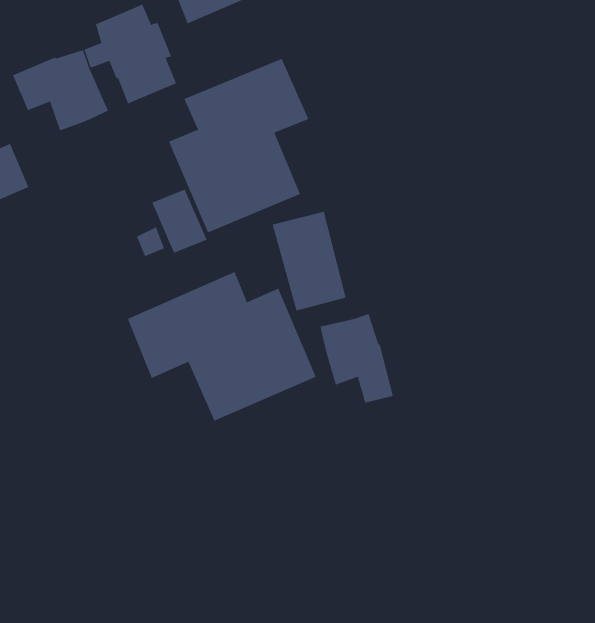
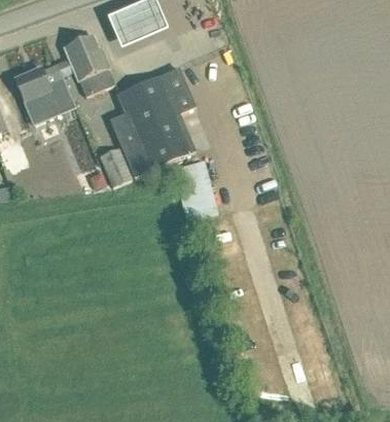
building: [127,271,317,422] -> none
building: [320,313,394,404] -> none

